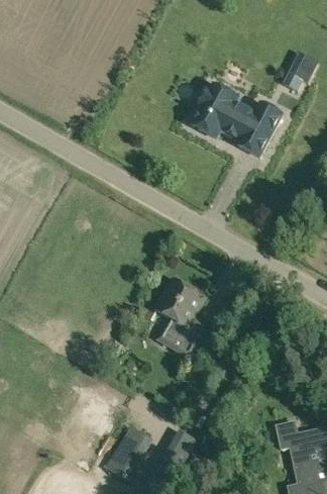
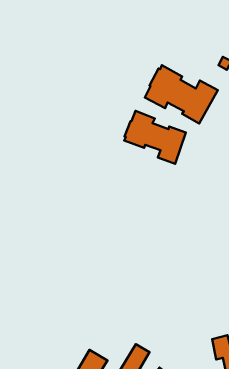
building: none -> [124,111,186,164]
building: [155,278,206,357] -> none

